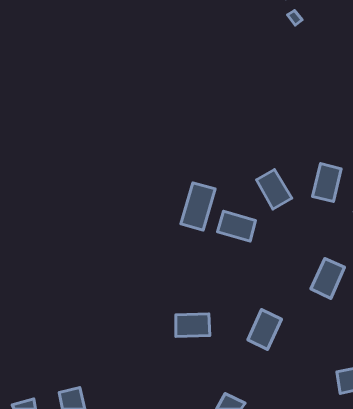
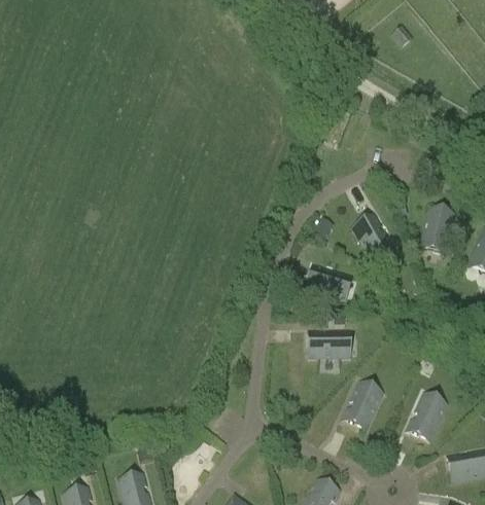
building: [181,183,215,230] -> none
building: [311,259,345,298] -> [407,393,447,440]
building: [176,314,210,336] -> [310,330,350,357]

